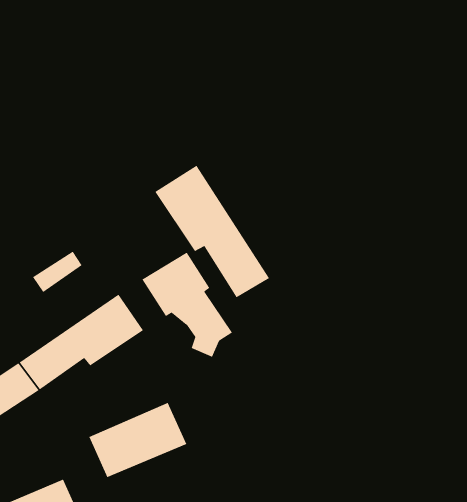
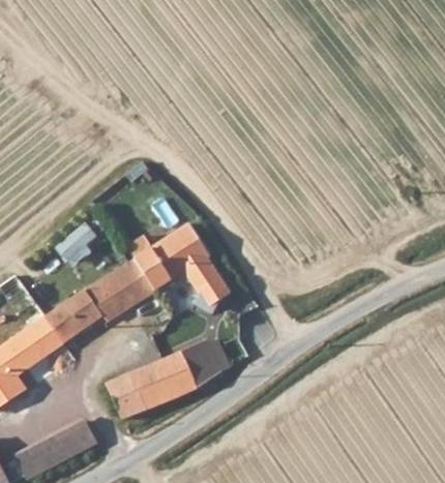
building: [155,165,270,298] -> none
building: none -> [131,248,172,292]
building: none -> [174,341,219,390]

